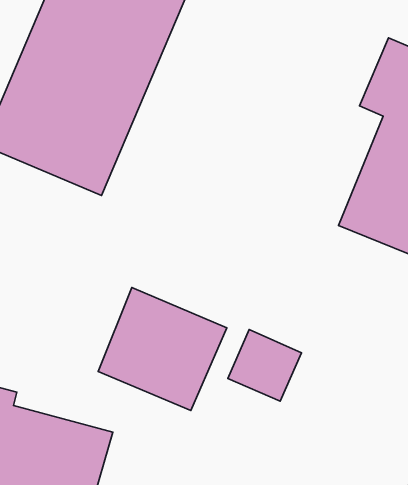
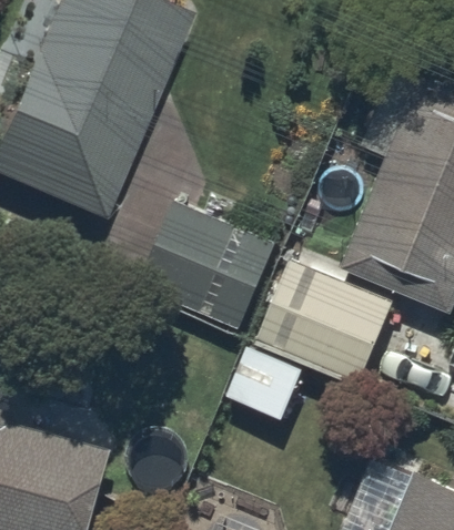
building: none -> [260,263,394,384]
building: [98,288,227,410] -> [143,208,271,330]

